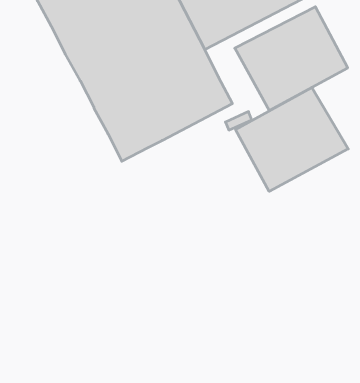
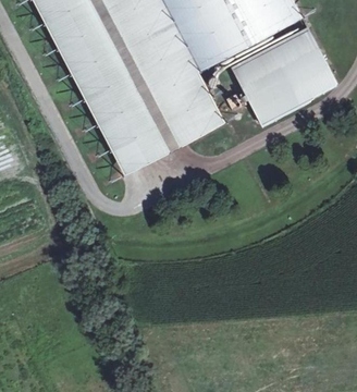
building: [236,87,348,191] -> none

